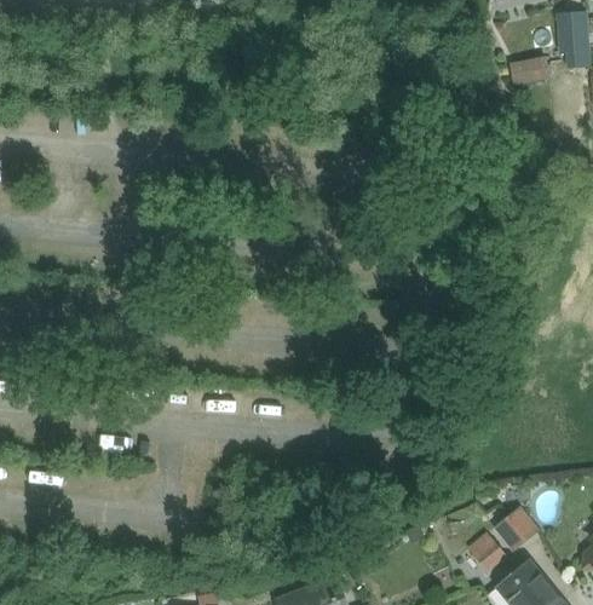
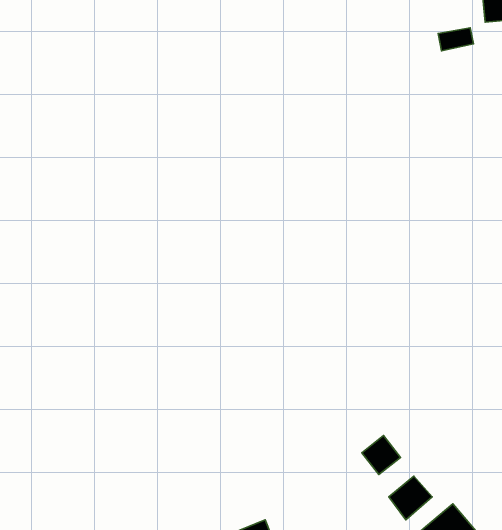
building: [495,508,536,549] -> [362,436,401,475]

